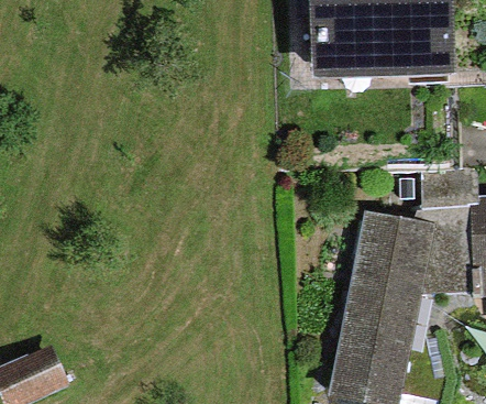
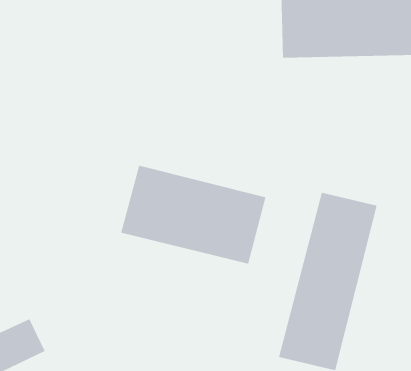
building: none -> [121,165,266,264]

